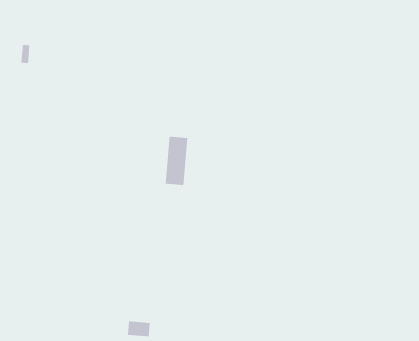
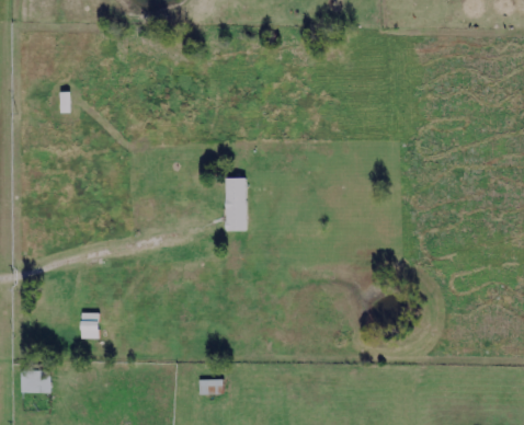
building: none -> [80,313,99,338]

